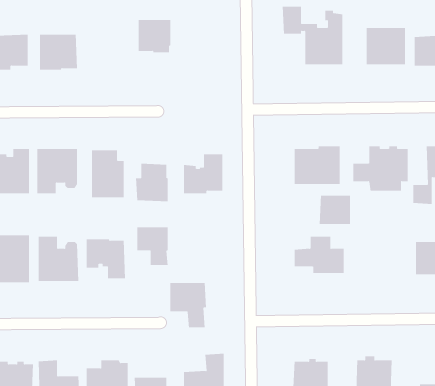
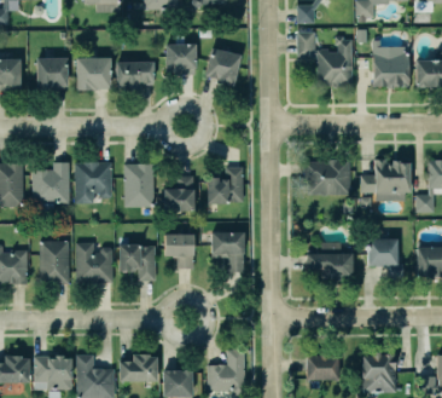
building: none -> [204,48,242,88]
building: none -> [116,63,153,91]
building: [319,195,351,224] -> [368,238,397,265]
building: [170,283,207,328] -> [211,231,245,272]

